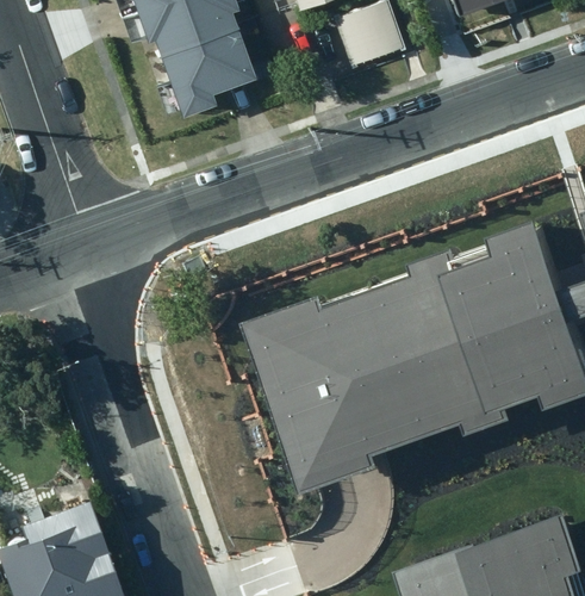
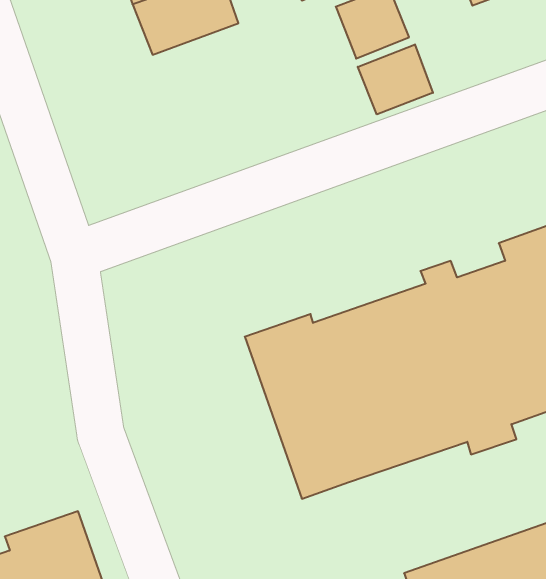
building: [157,33,255,120] -> none
building: none -> [358,44,433,114]

